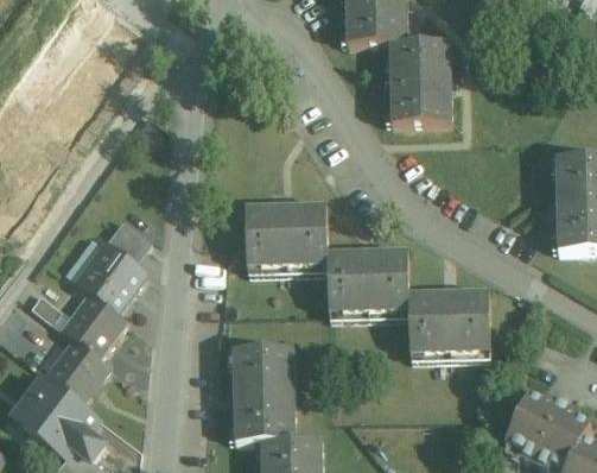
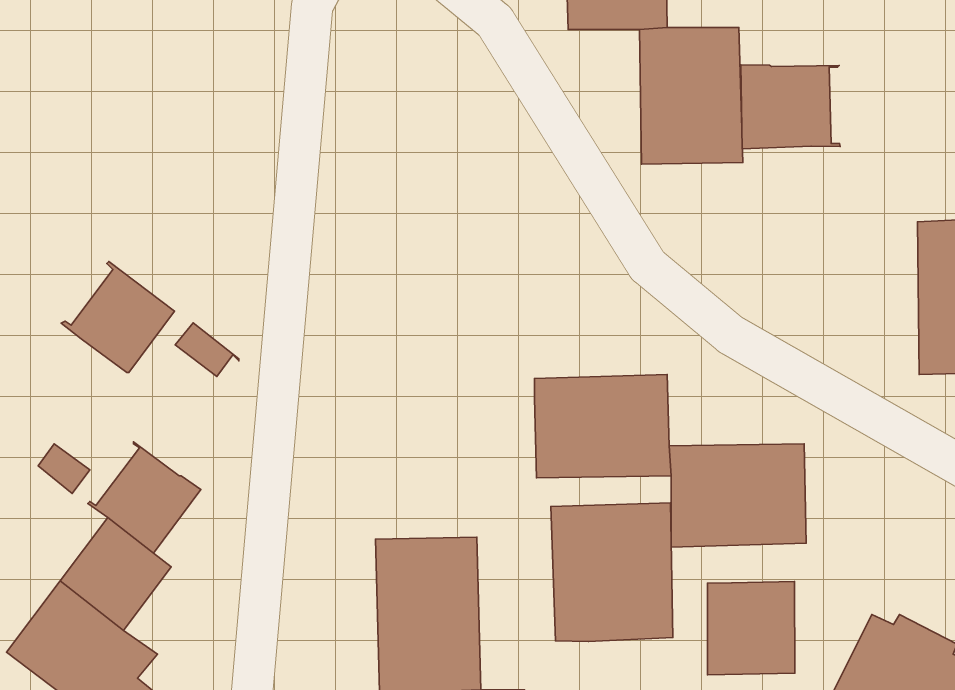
building: none -> [741,65,840,149]
building: [244,206,326,267] -> none
building: [75,245,142,311] -> [61,262,174,373]
building: none -> [551,503,673,641]
building: none -> [707,581,795,675]

